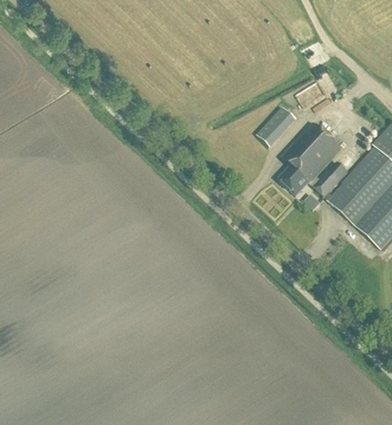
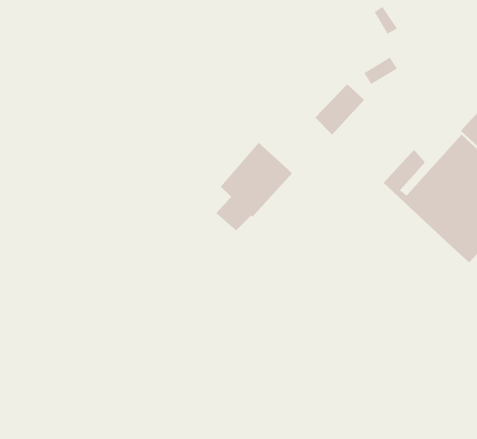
building: [277,122,339,193] -> [215,142,293,231]

